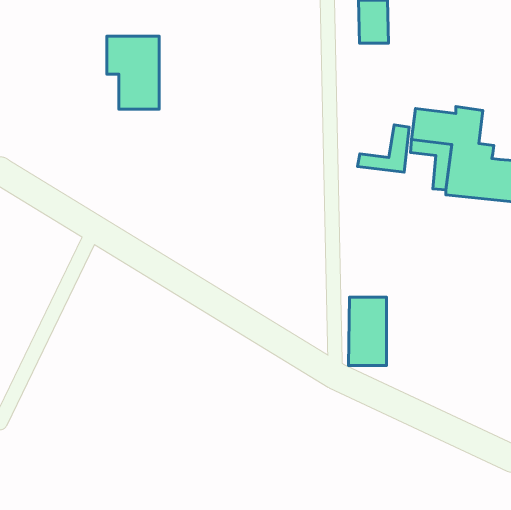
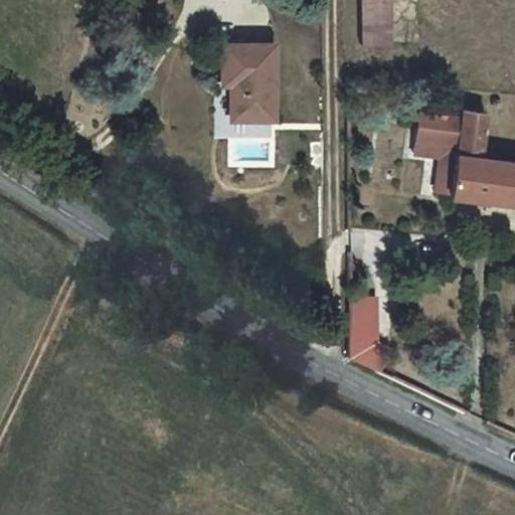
building: [107,36,159,109] -> [222,47,275,121]
building: [358,125,409,172] -> none

